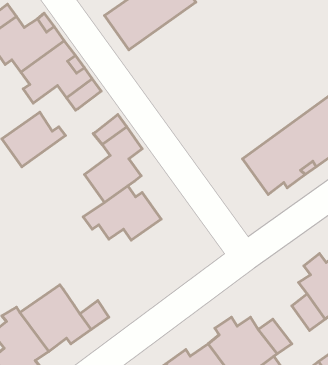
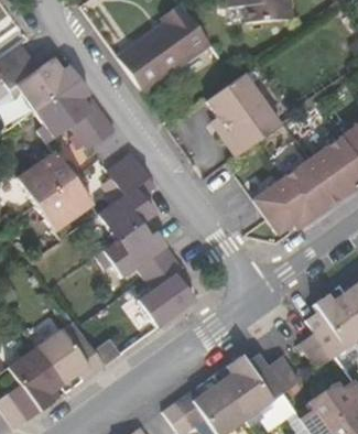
building: none -> [206,74,280,156]
building: none -> [35,175,90,231]
building: none -> [137,258,194,327]

